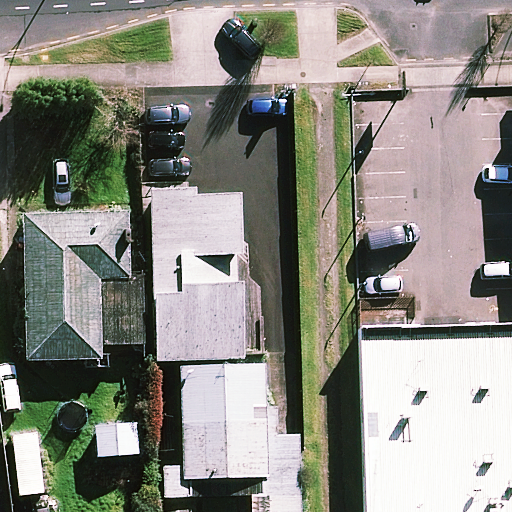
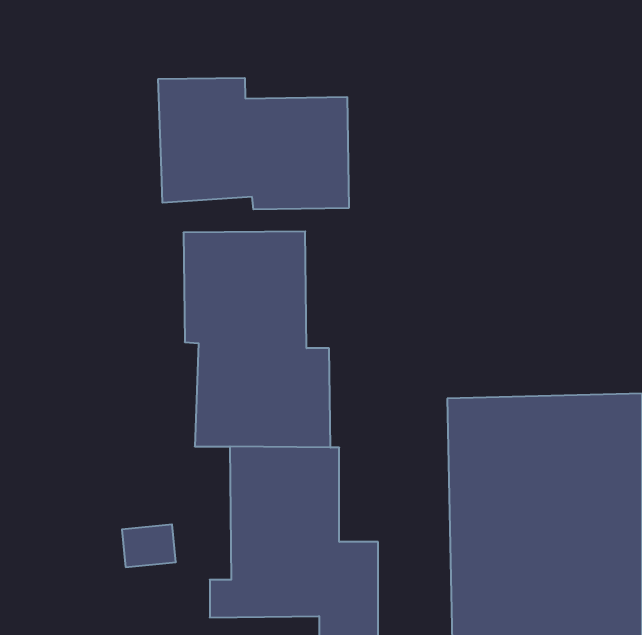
building: none -> [158,78,349,209]
building: [27,212,145,360] -> none

